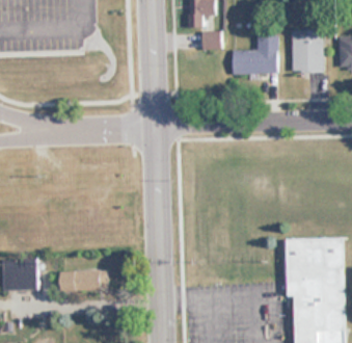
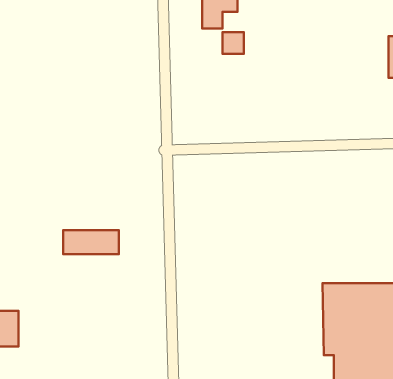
building: [291,30,323,73] -> none
building: [232,35,276,74] -> none
building: [60,270,106,290] -> [63,230,119,254]

